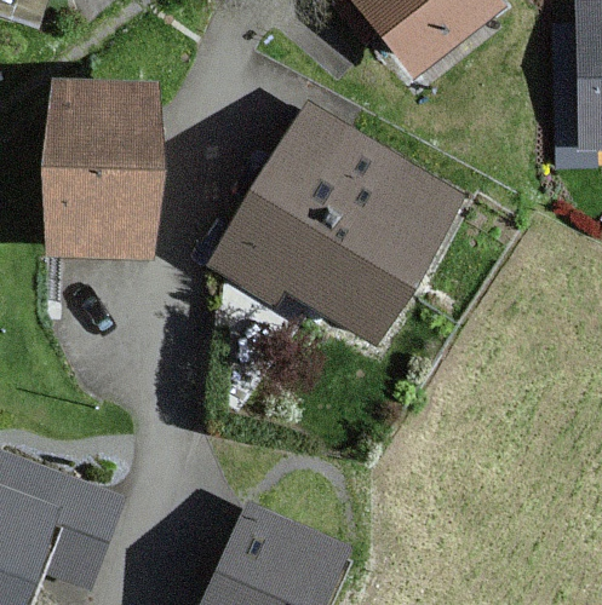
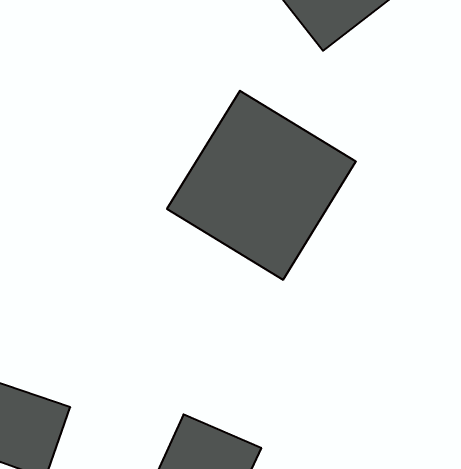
building: [52,97,148,259] -> none

